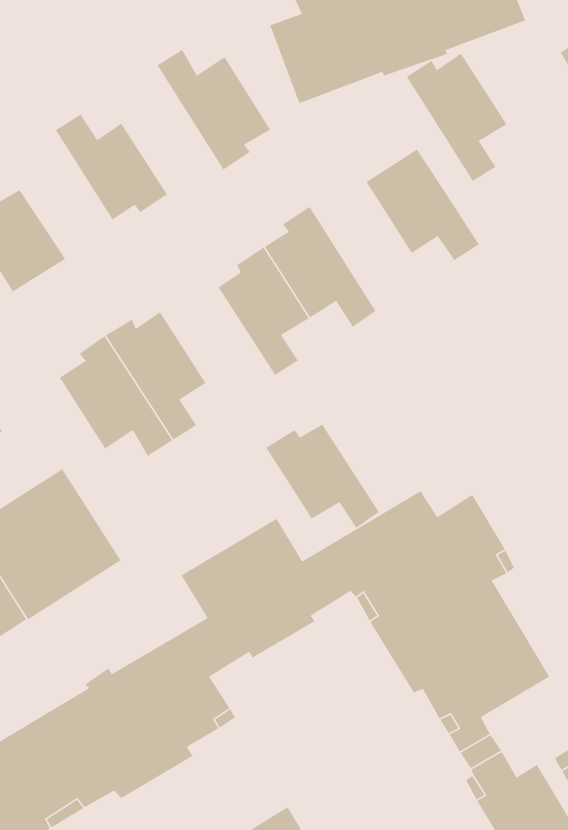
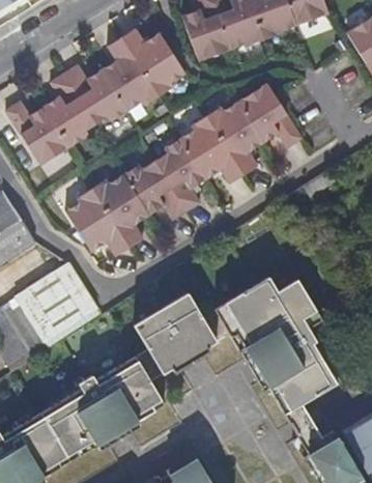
building: [406,53,507,182] -> [206,103,263,175]
building: none -> [101,37,158,110]
building: none -> [44,74,95,146]
building: [265,424,380,529] -> [122,162,187,221]

